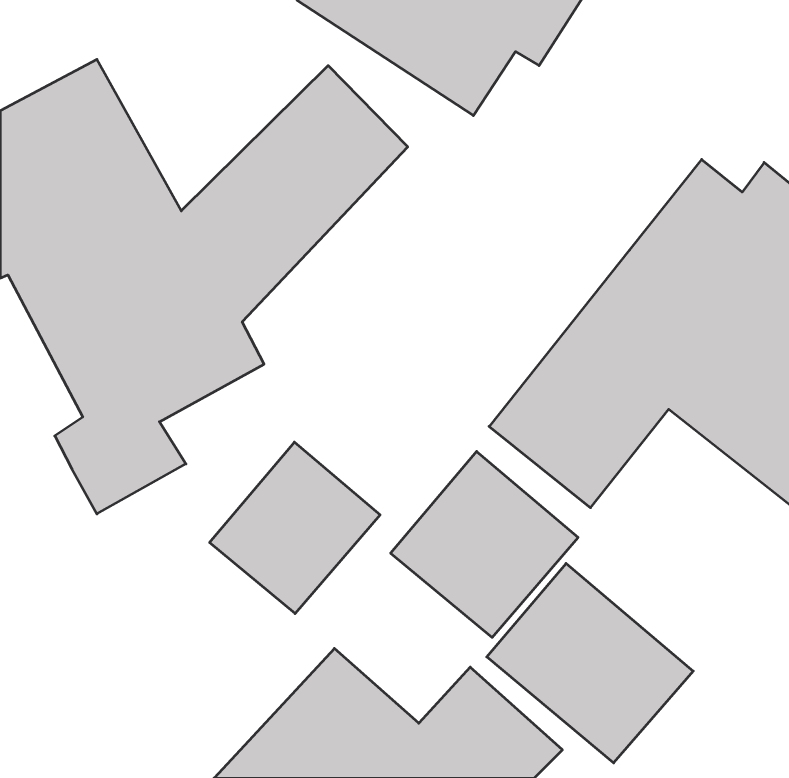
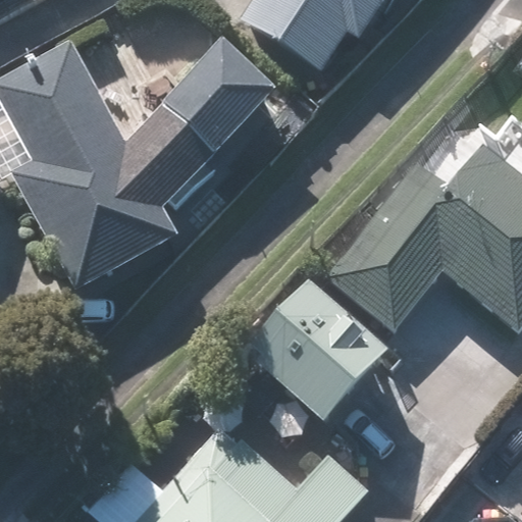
building: [210,442,380,614] -> none
building: [487,563,693,763] -> none

